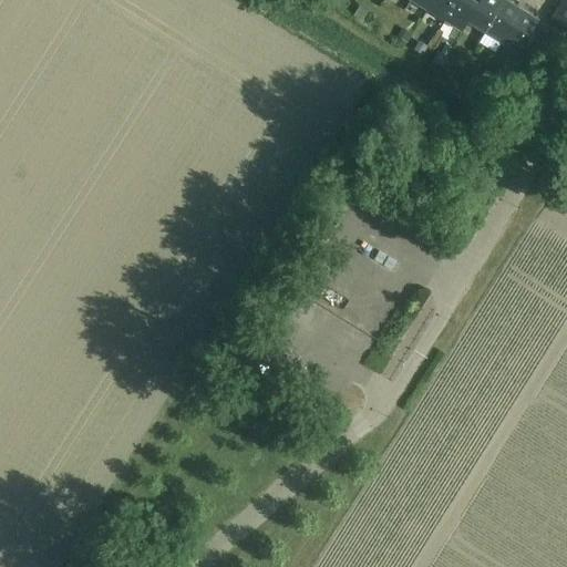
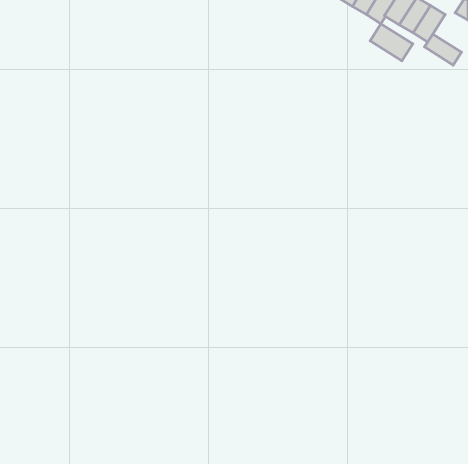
building: none -> [370,24,413,61]
building: none -> [425,34,462,65]

